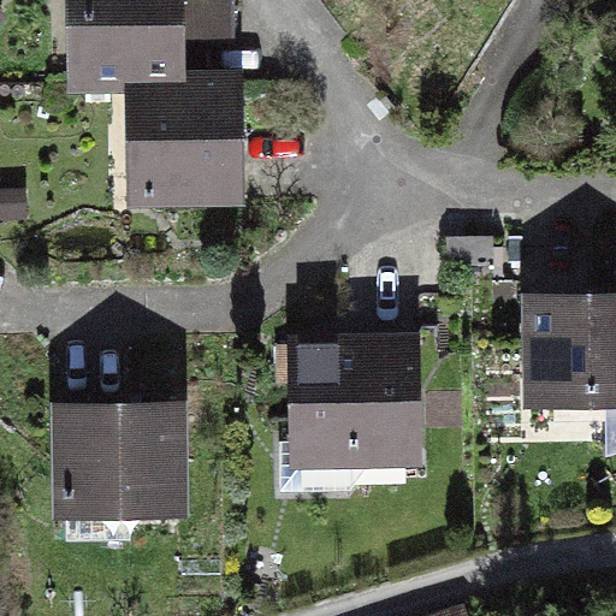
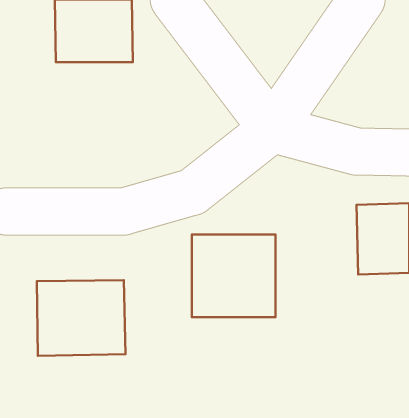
building: [144,91,256,202] -> none

